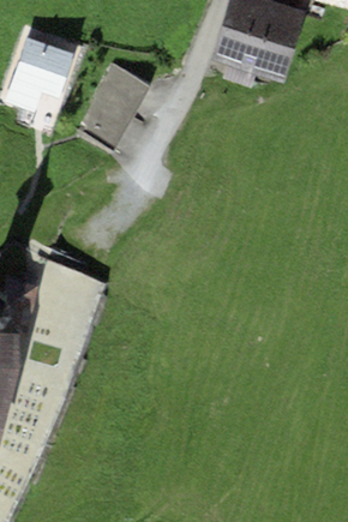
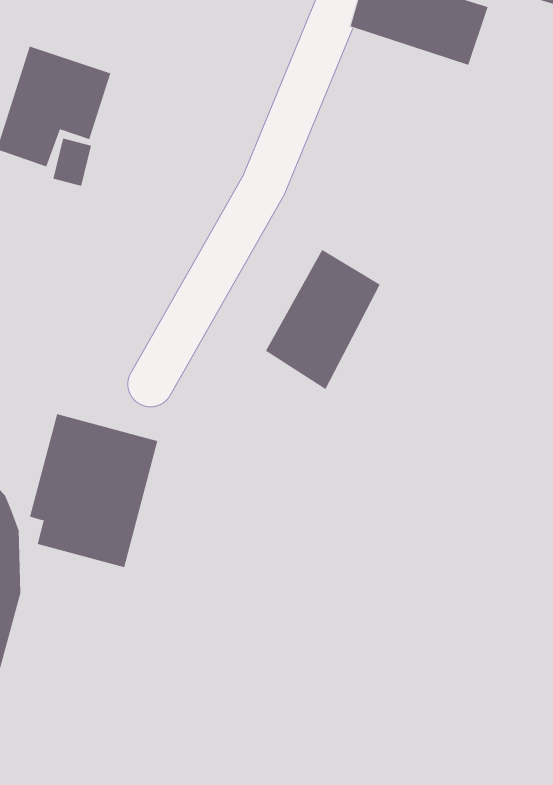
building: [210,22,295,79] -> none
building: [78,61,149,148] -> [265,249,381,390]

